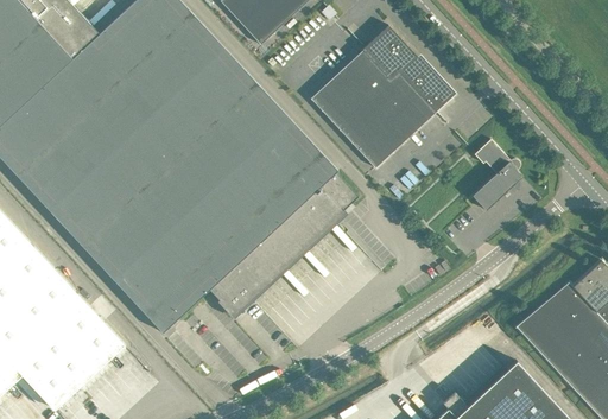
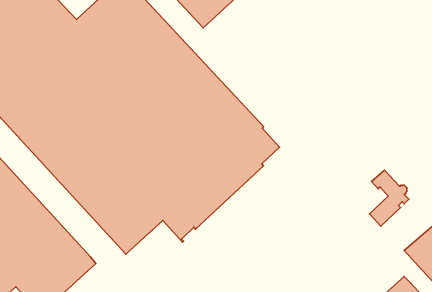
building: [311,26,456,169] -> none
building: [473,140,522,211] -> [370,170,409,226]

